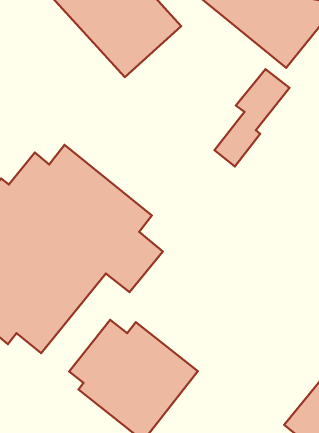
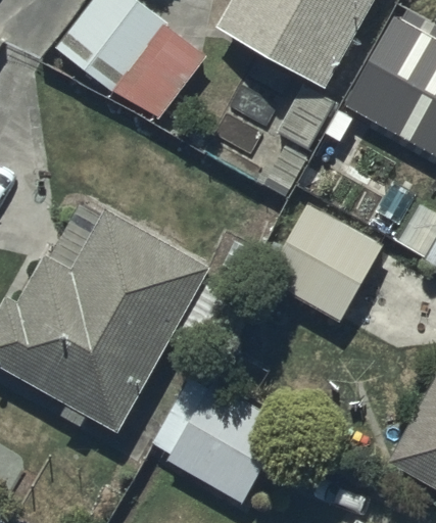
building: none -> [264,203,381,322]

